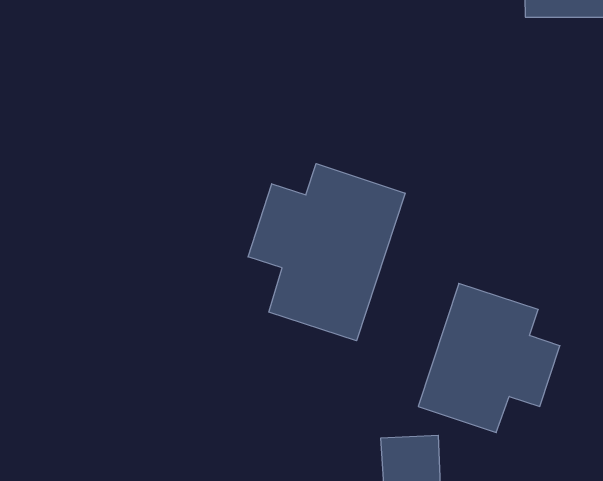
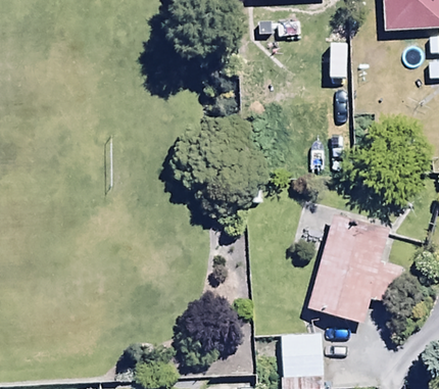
building: [248,164,405,341] -> none

